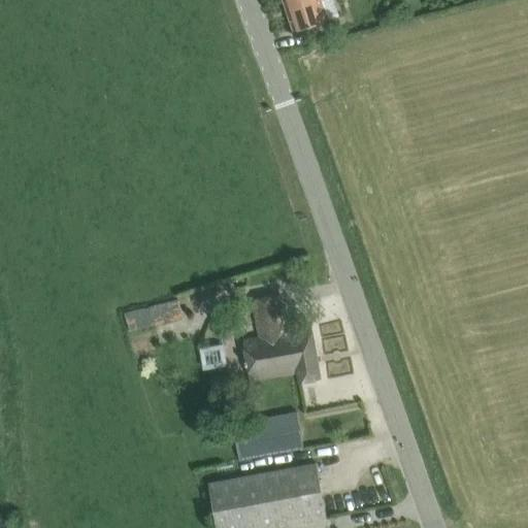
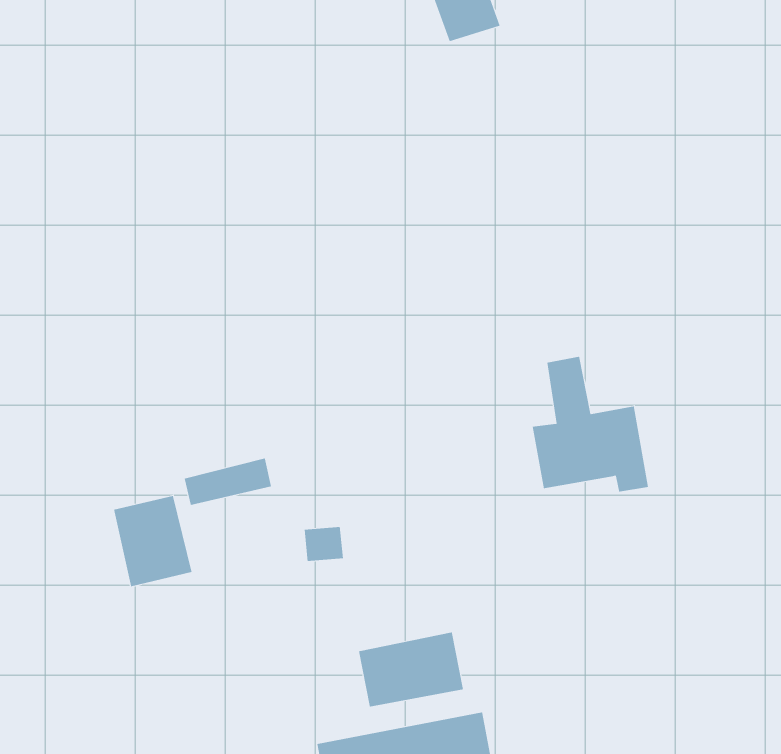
building: [244,295,320,383] -> [532,356,649,492]
building: none -> [113,495,192,587]

